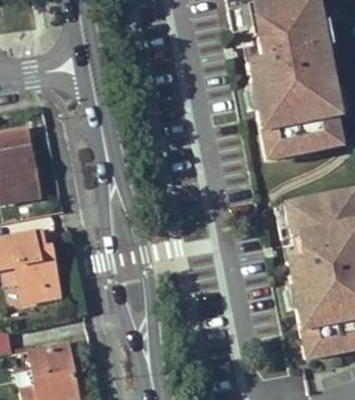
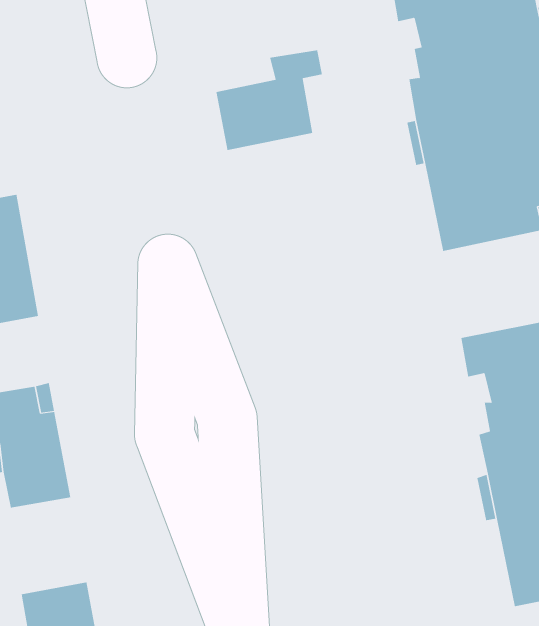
building: none -> [216,49,322,151]

